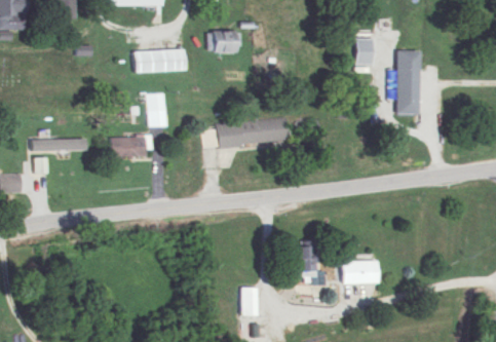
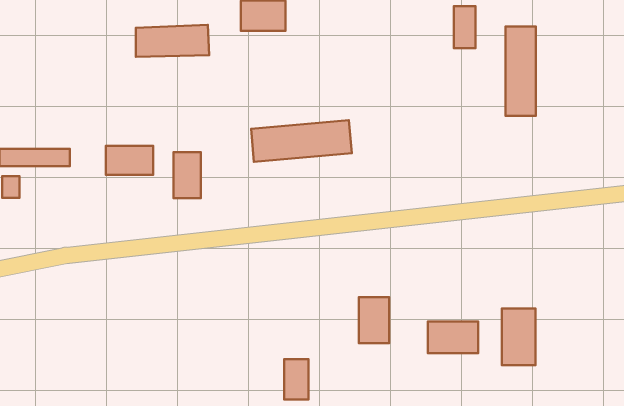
building: [148,92,167,125] -> [174,152,201,198]
building: none -> [502,308,535,365]

